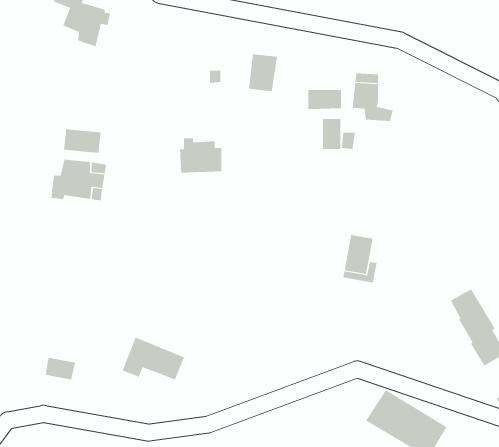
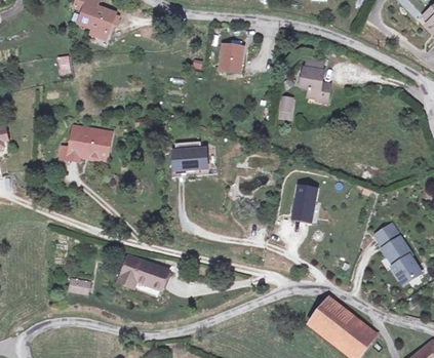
building: [308,89,342,110] -> none
building: [64,129,101,154] -> none
building: [179,138,222,173] -> [172,144,205,170]

